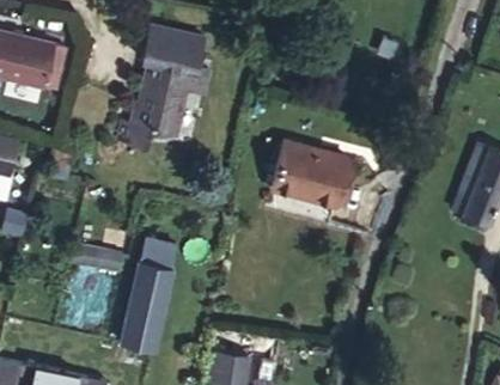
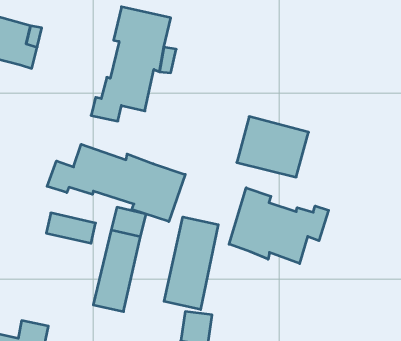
building: none -> [47,144,185,222]
building: none -> [229,188,329,264]
building: none -> [164,217,218,310]

